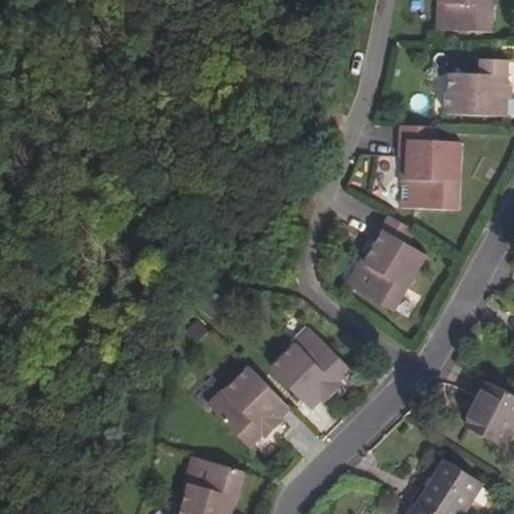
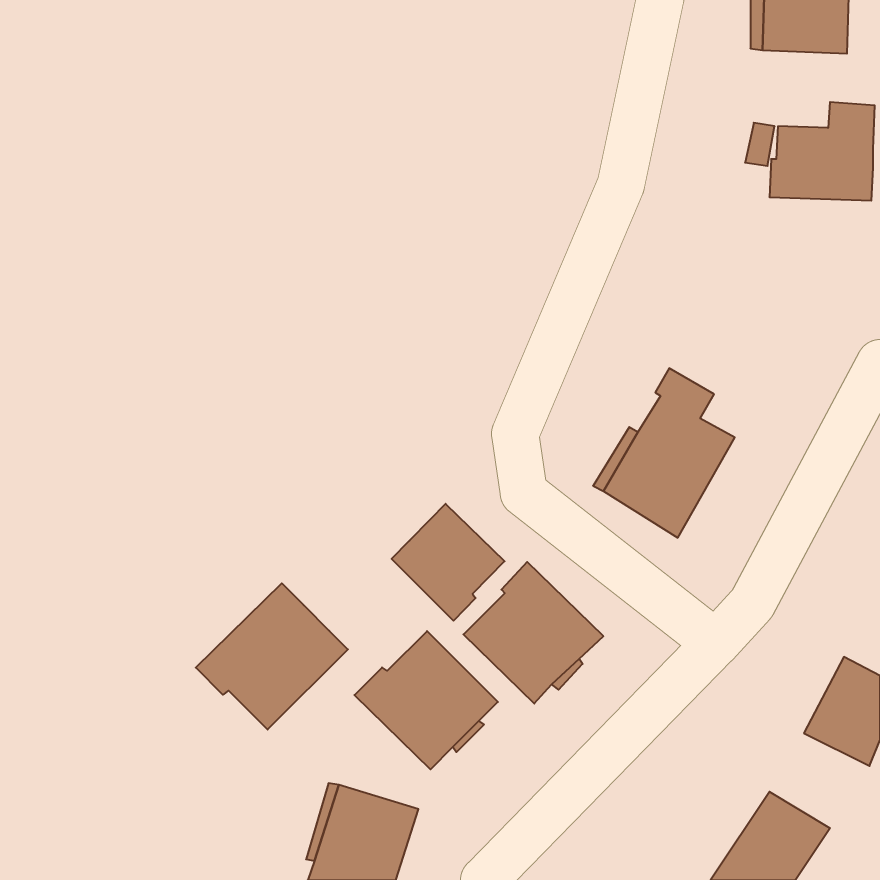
building: [402,125,454,207] -> none
building: none -> [392,504,505,621]
building: none -> [196,583,348,730]

